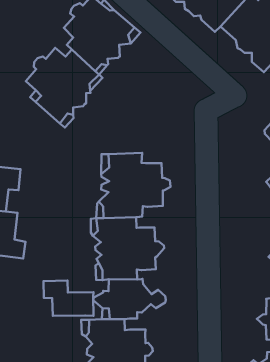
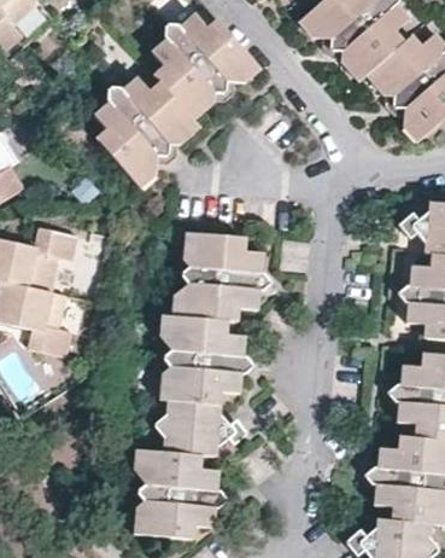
building: [44,281,94,316] -> none

